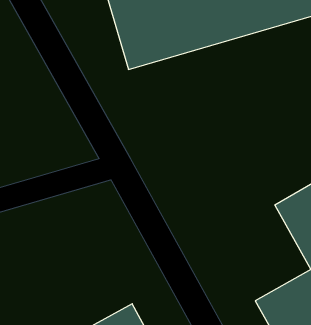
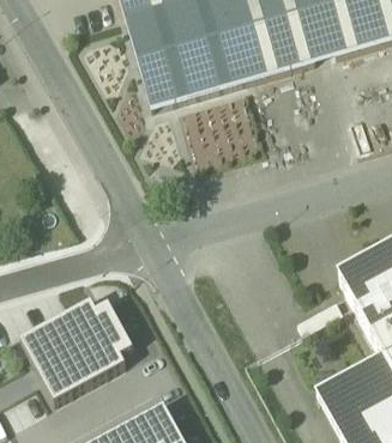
building: none -> [10,281,143,403]

